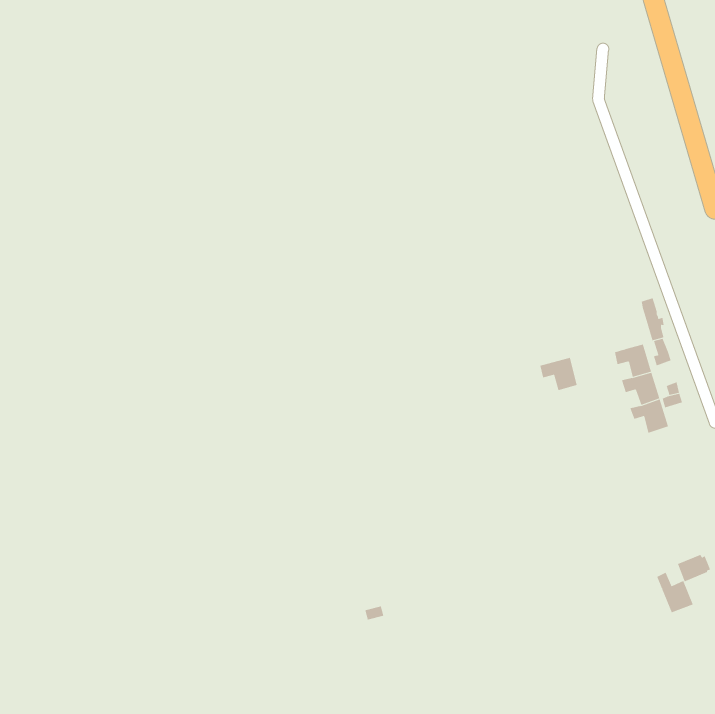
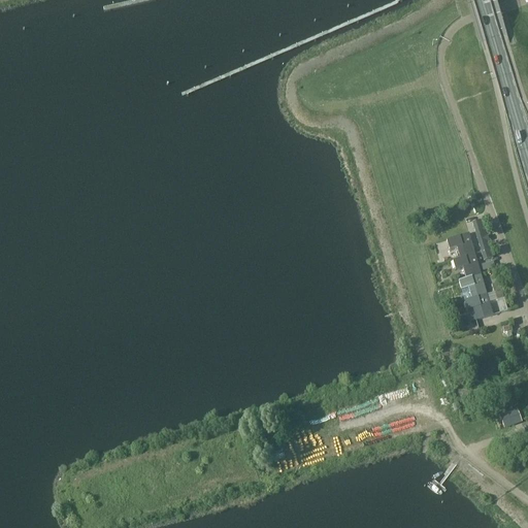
building: [540,357,577,391] -> [446,232,473,257]
building: [657,572,693,613] -> none

